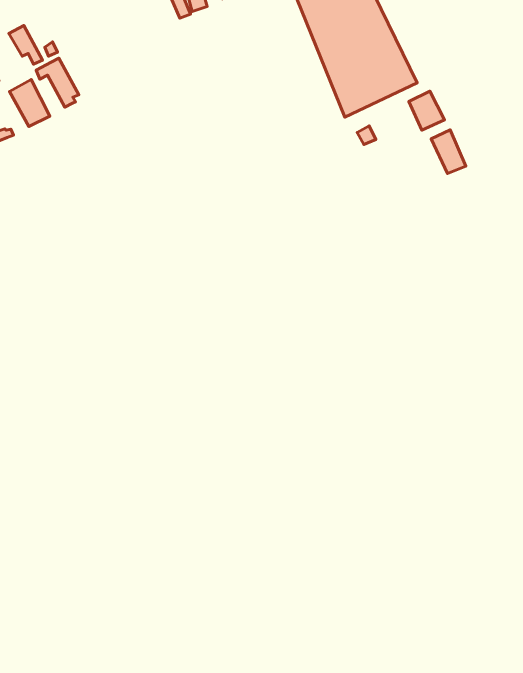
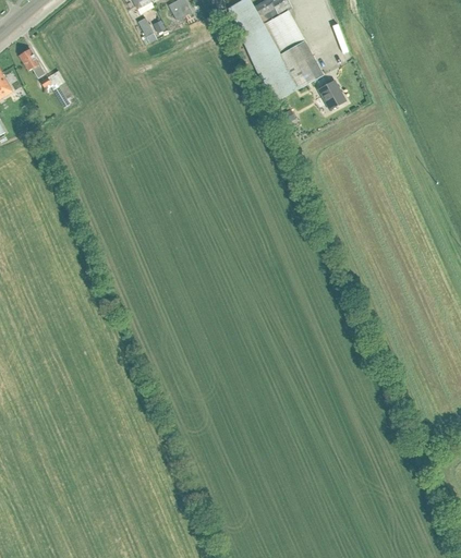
building: [9,80,50,127] -> none
building: [431,130,466,174] -> none

